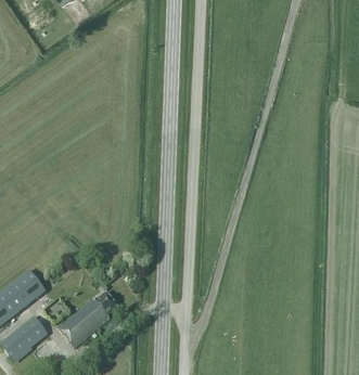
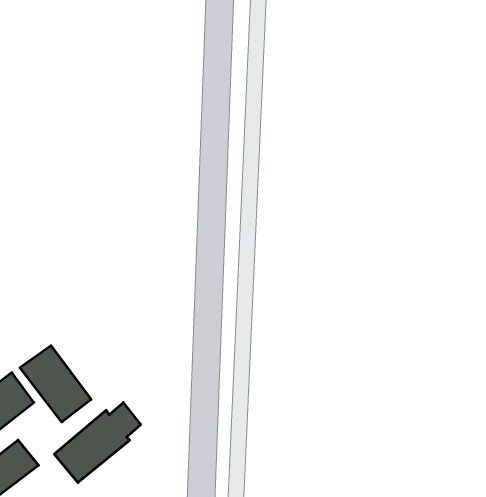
building: none -> [20,346,91,422]

